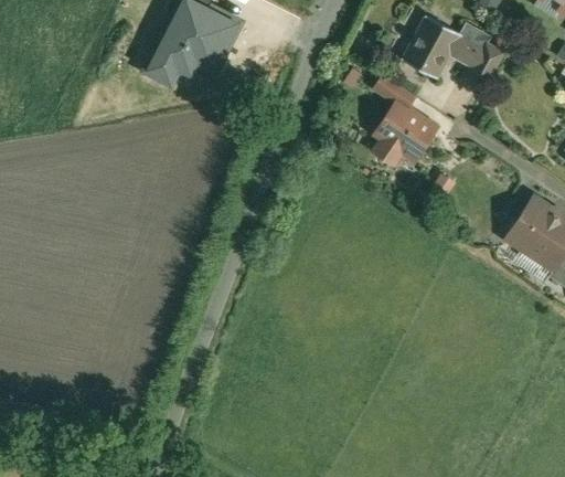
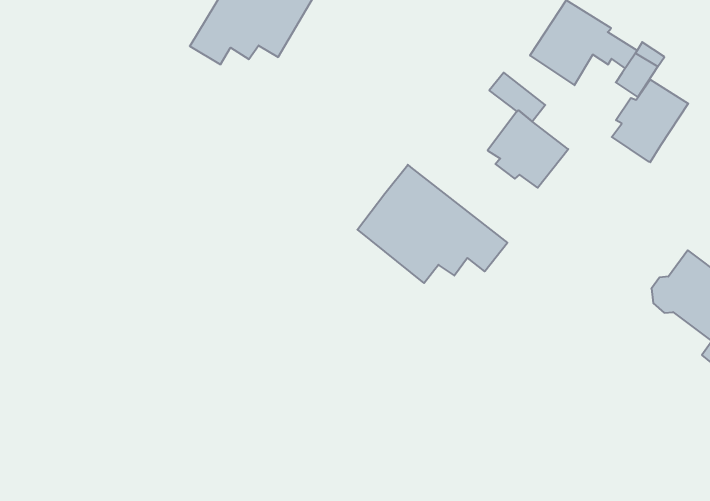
building: none -> [612,80,688,162]
building: none -> [357,165,507,283]

